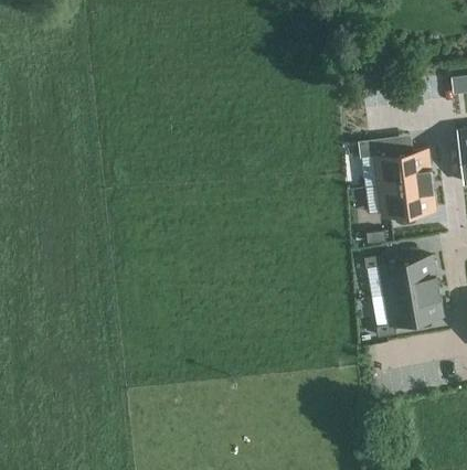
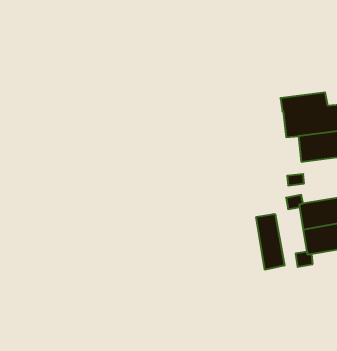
building: none -> [256,214,284,270]

